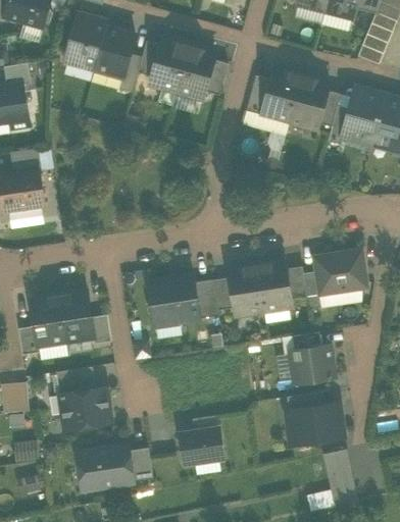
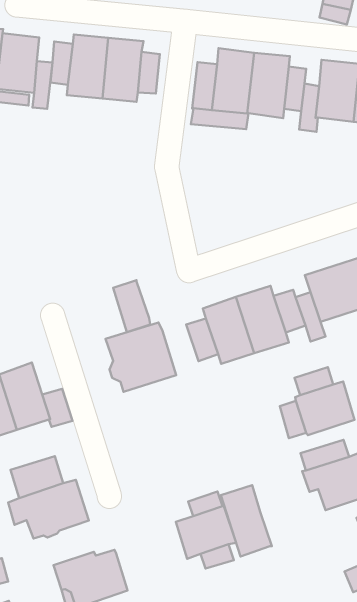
building: [194,279,218,319] -> [113,280,150,332]
building: none -> [221,485,272,556]
building: [129,449,153,481] -> none

